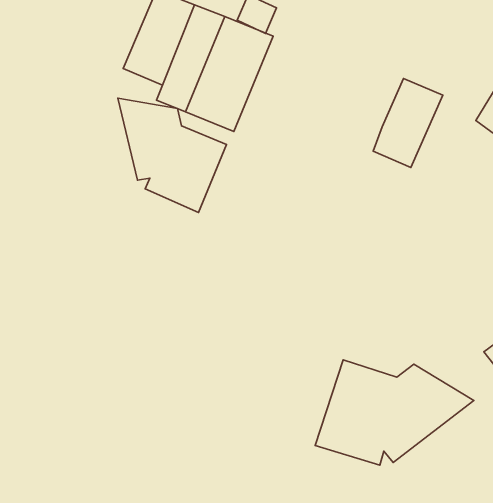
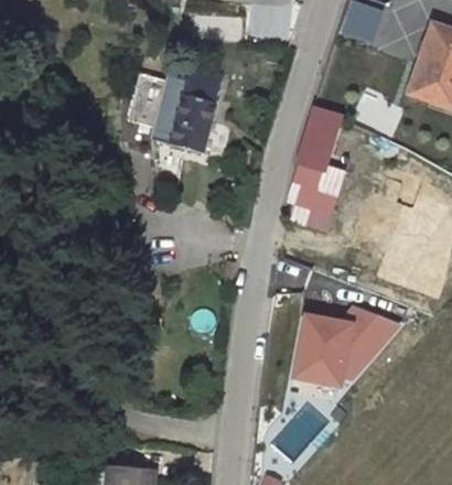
building: [118,98,227,212] -> none
building: none -> [293,163,340,225]

